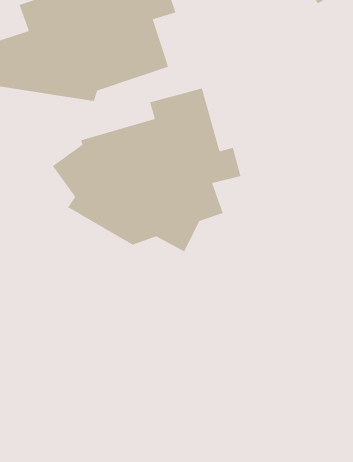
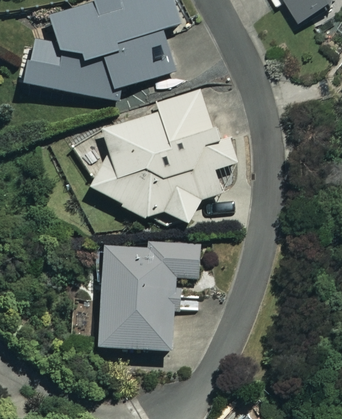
building: none -> [96,240,200,351]

